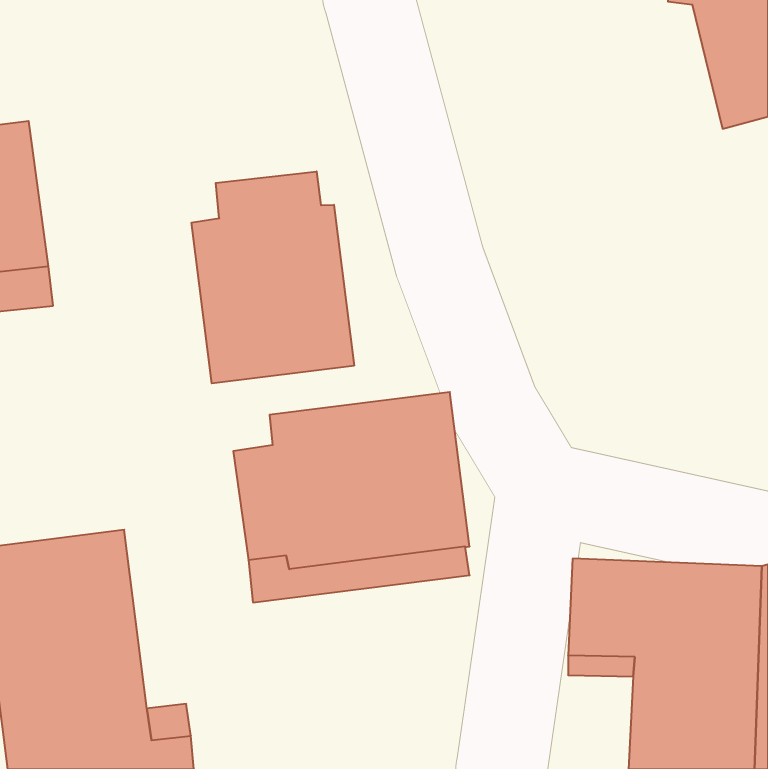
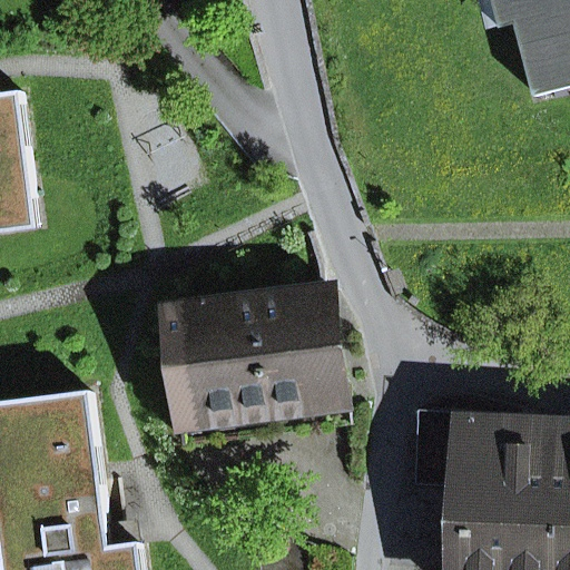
building: [192,171,354,383] -> none

